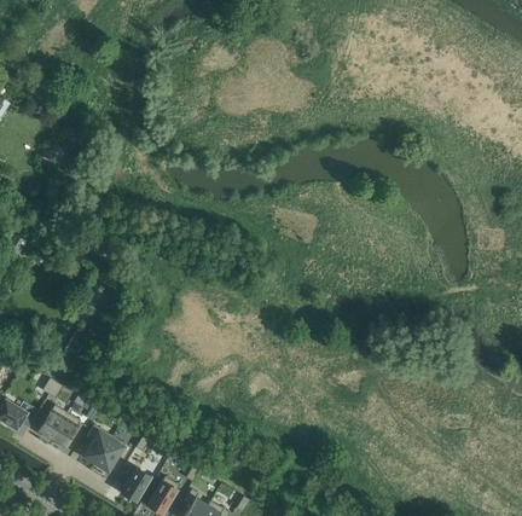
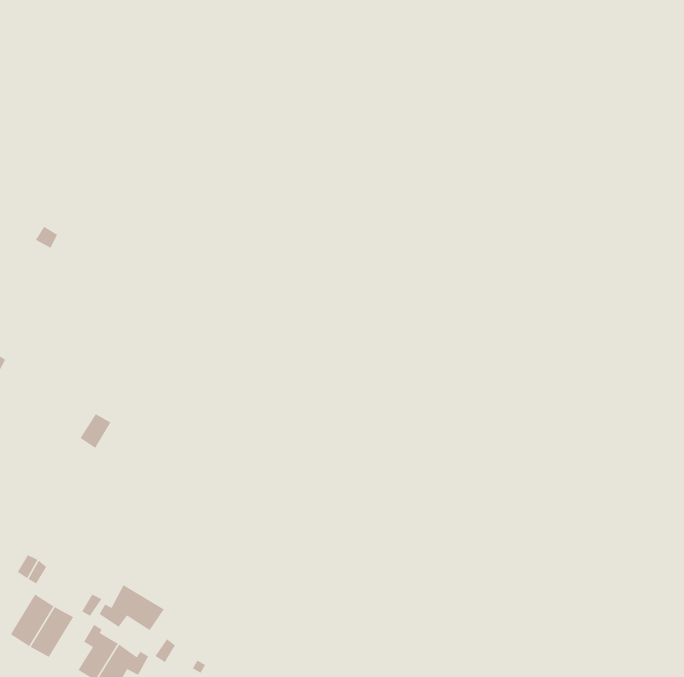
building: none -> [98,584,165,631]

